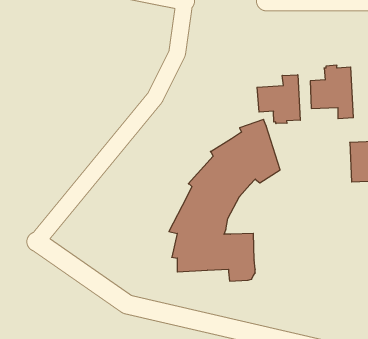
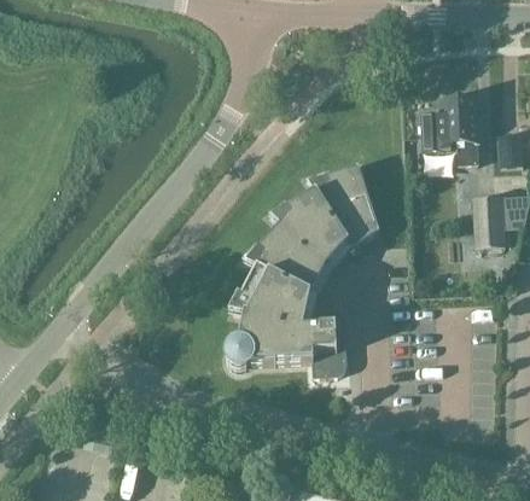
building: [257,75,300,124] -> none

